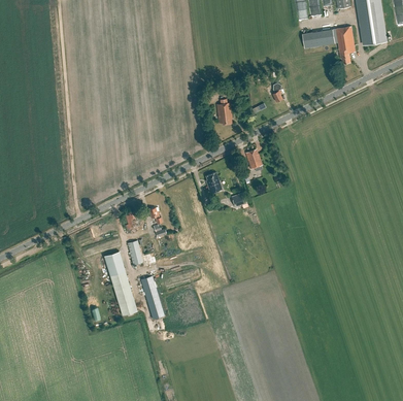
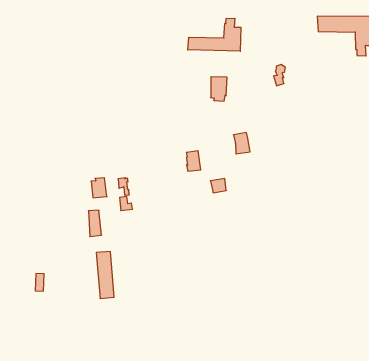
building: none -> [188,18,241,51]
building: [103,250,135,315] -> none

